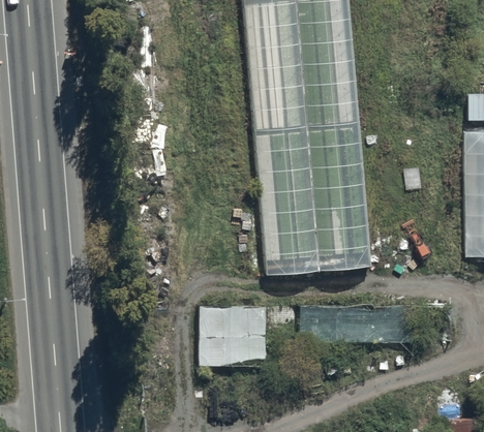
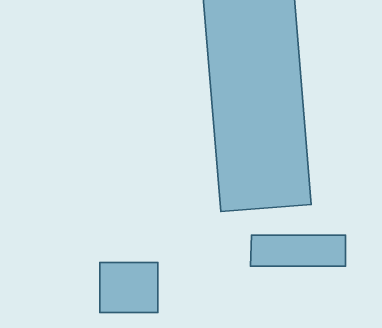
building: [199,306,267,365] -> [100,262,158,312]

